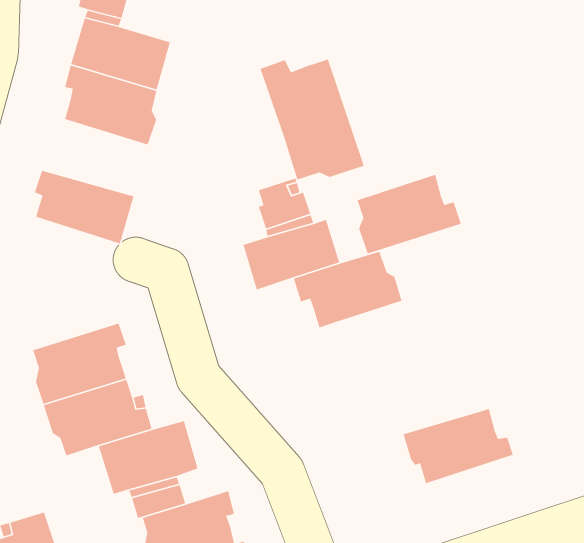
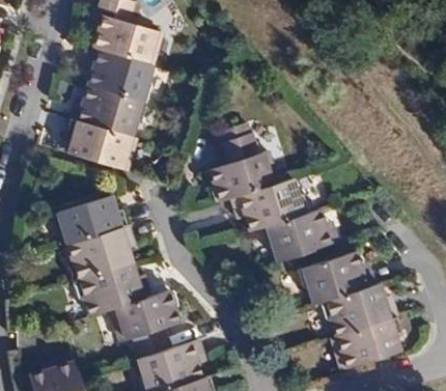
building: [260,59,365,180] -> none
building: none -> [73,86,145,137]
building: [356,174,462,255] -> [271,207,342,262]
building: none -> [54,197,126,244]
building: none -> [297,253,371,303]
building: none -> [330,314,399,368]

